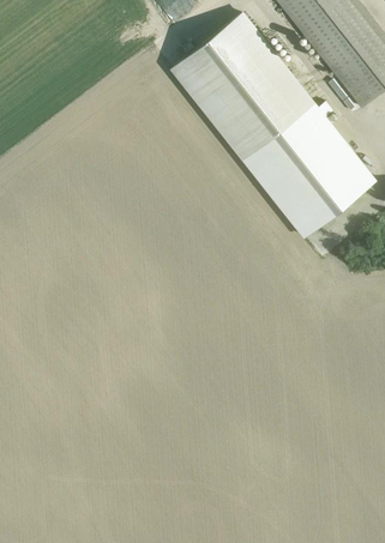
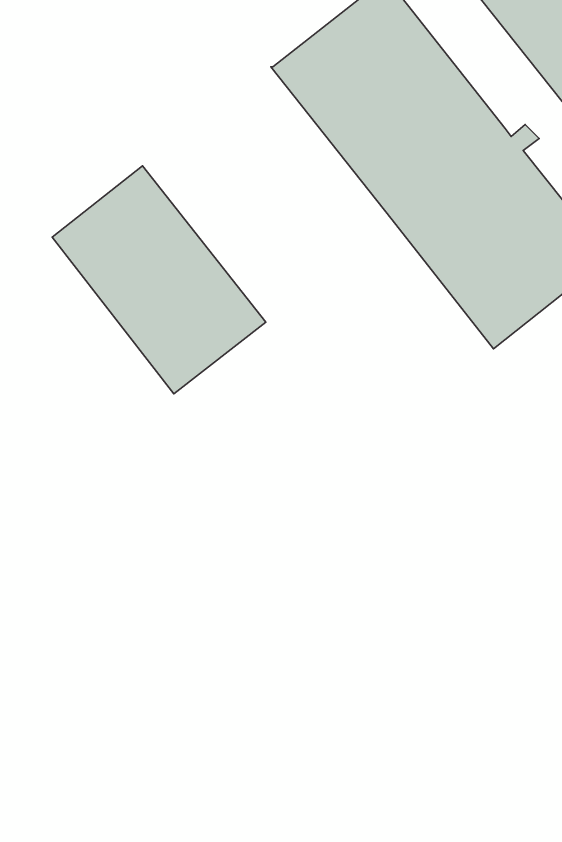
building: none -> [52,166,266,394]

